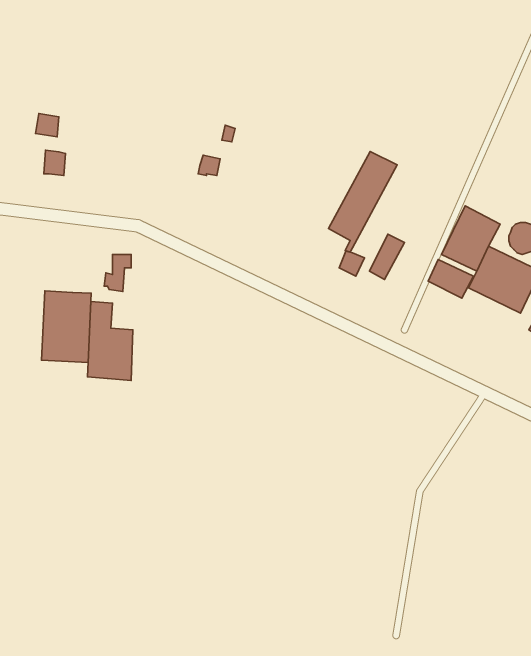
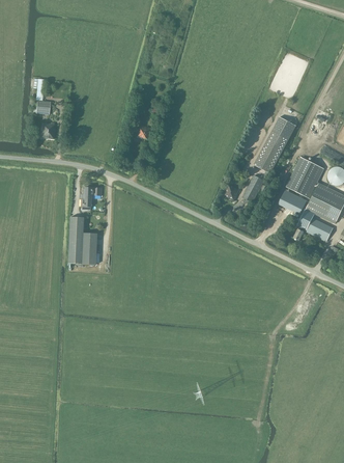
building: [328,151,397,252] -> [254,115,296,178]
building: none -> [291,208,334,240]
building: [42,291,91,362] -> none

